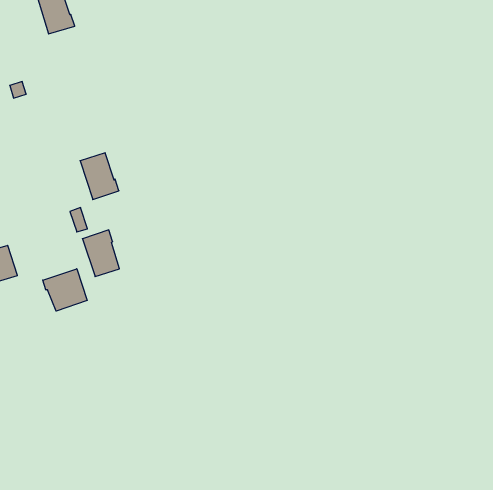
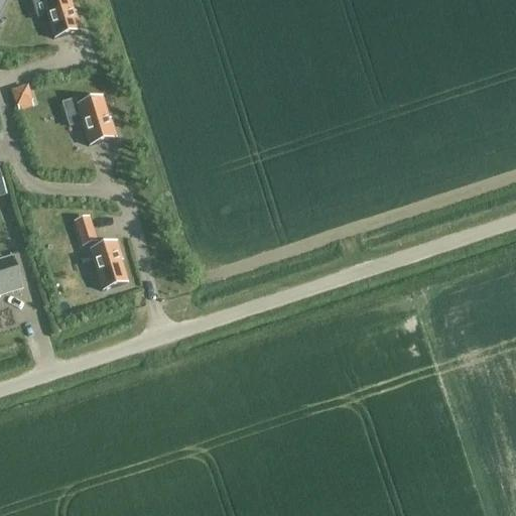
building: [80,153,119,200] -> [73,95,113,143]
building: [43,269,87,311] -> none

